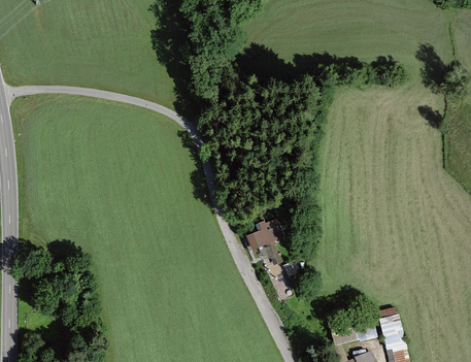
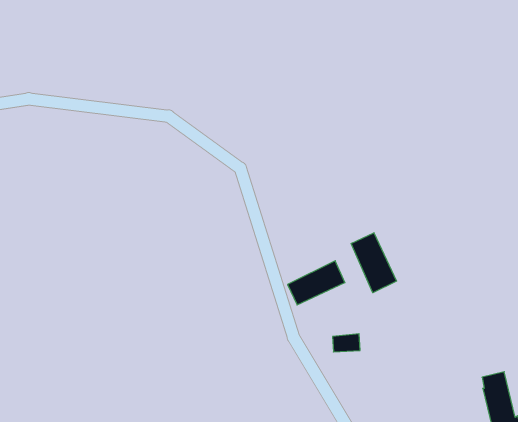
building: none -> [351,233,396,293]

